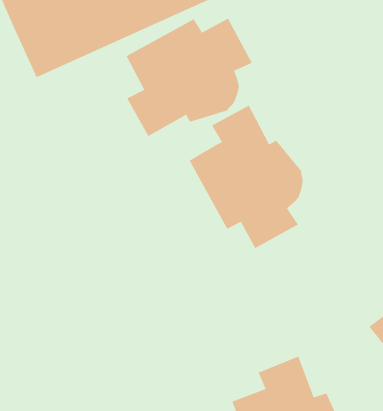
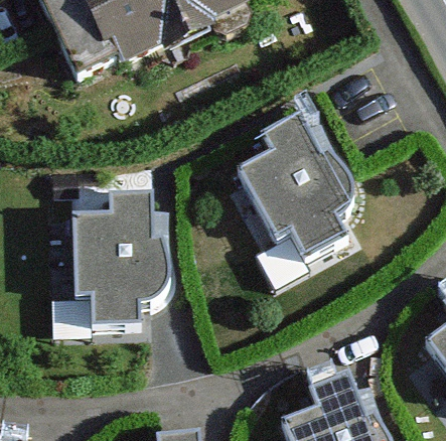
building: [126,18,253,137] -> none
building: none -> [71,189,170,324]

